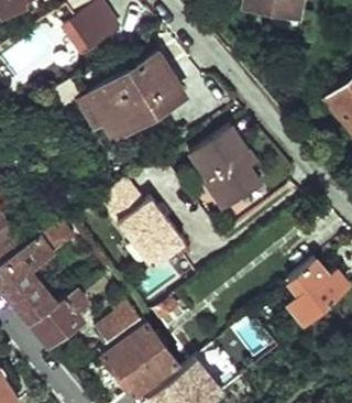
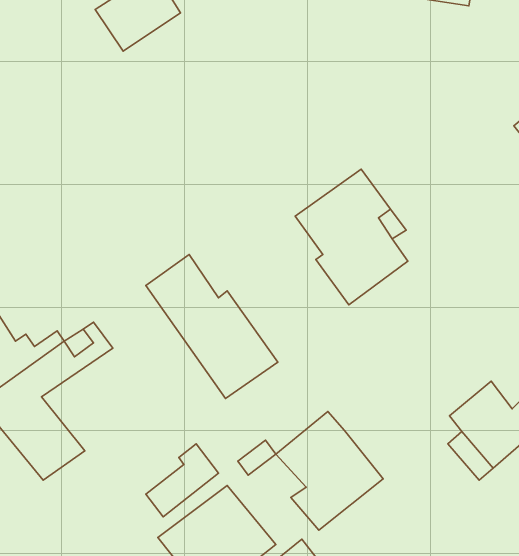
building: [87,55,185,142] -> none
building: none -> [276,411,383,530]
building: [30,291,85,345] -> none

